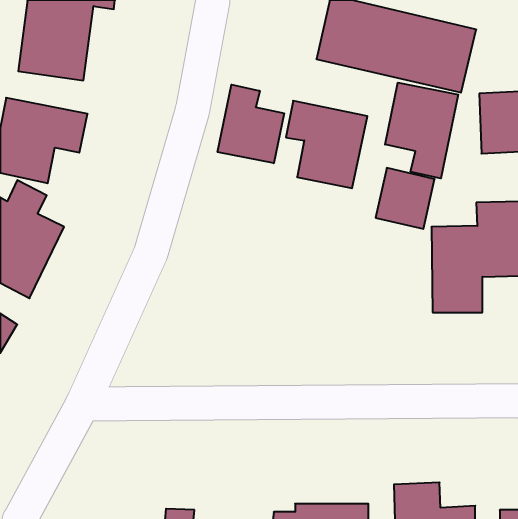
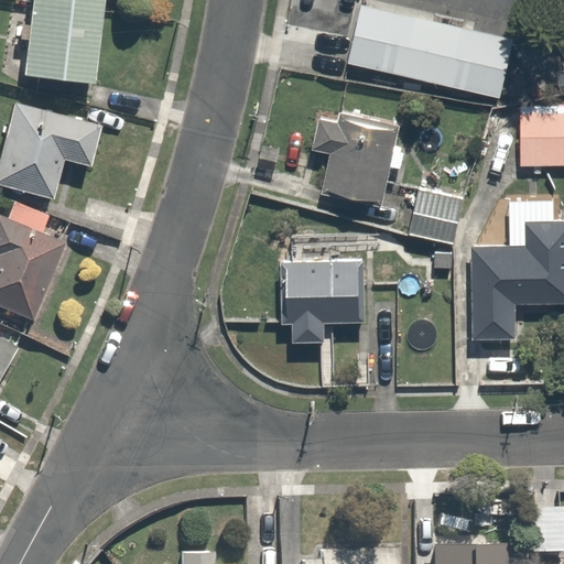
building: [385,83,458,178] -> none
building: [218,85,284,163] -> none
building: none -> [276,262,360,341]

